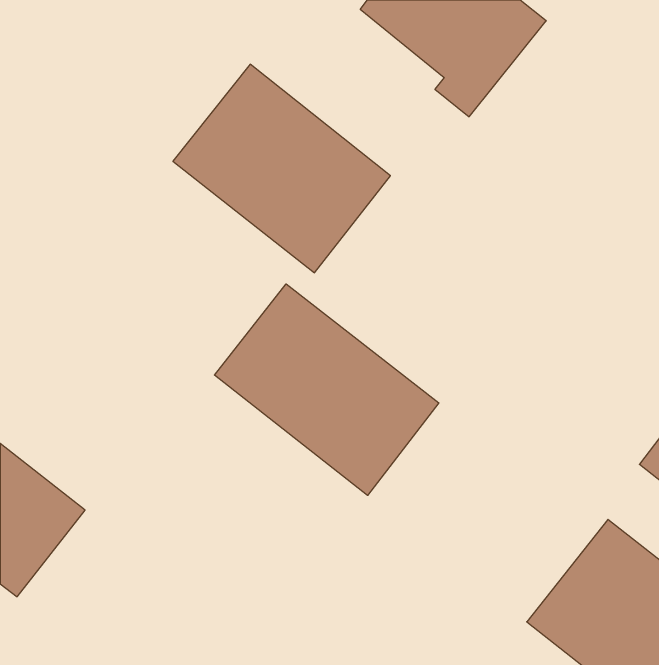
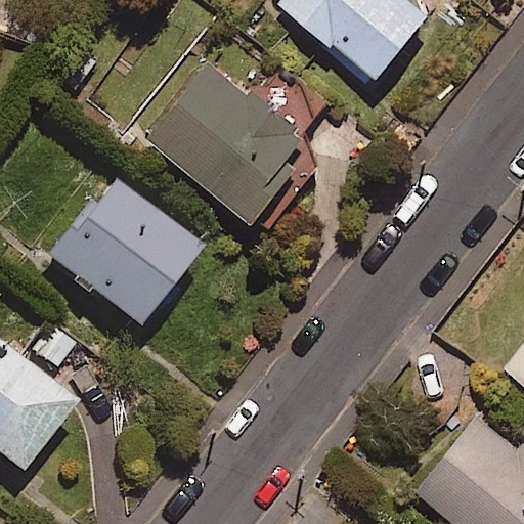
building: none -> [46,174,200,325]
building: [214,284,439,495] -> none

